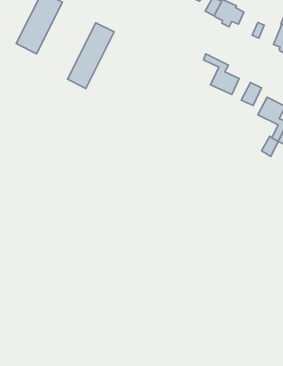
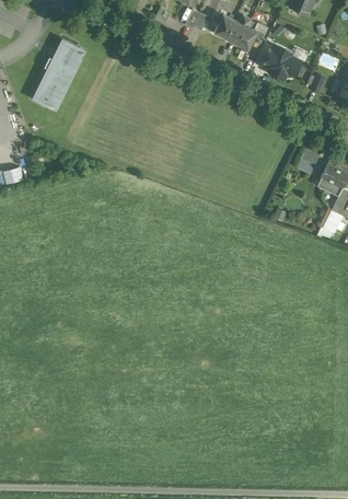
building: [68,23,114,88] -> none
building: [204,54,239,95] -> none

